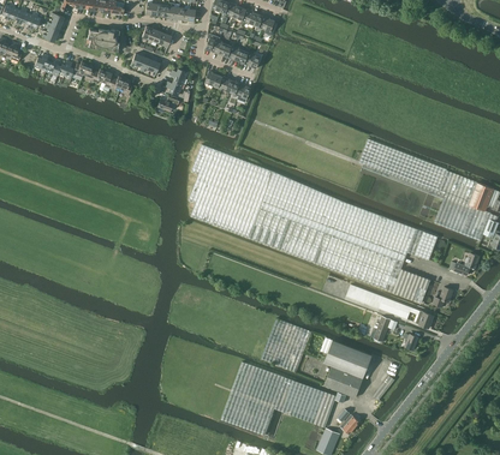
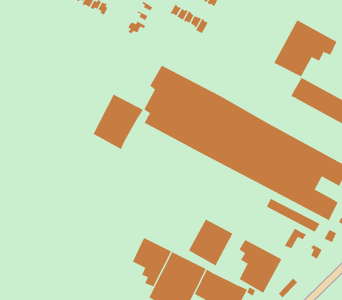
building: none -> [273,20,337,77]
building: none -> [93,94,143,150]
building: none -> [132,237,172,287]

